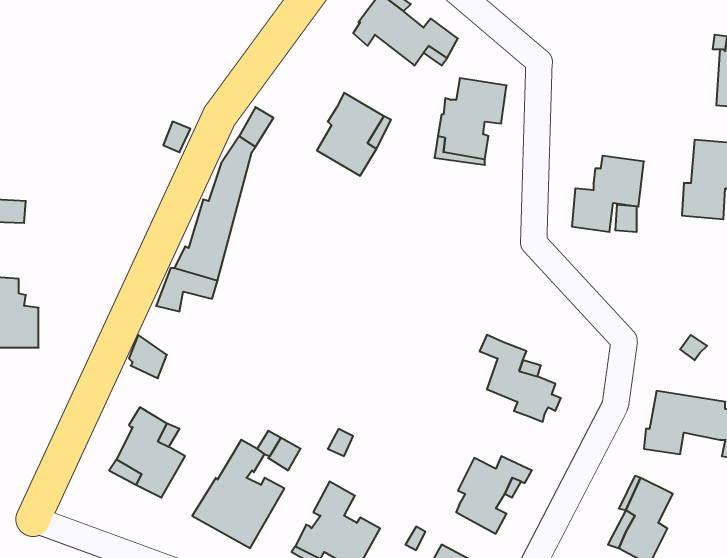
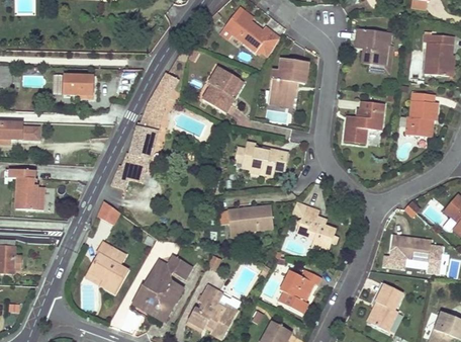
building: none -> [356,28,391,73]
building: none -> [64,74,92,100]
building: none -> [235,142,288,175]
building: none -> [218,204,273,238]

